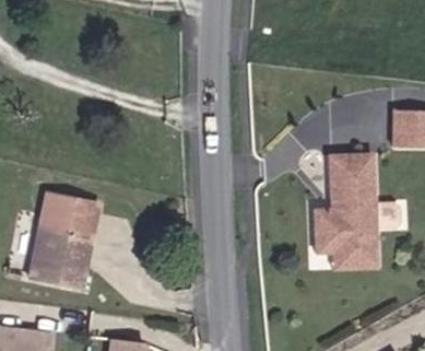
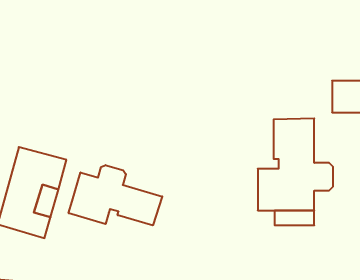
building: none -> [69,165,162,225]

